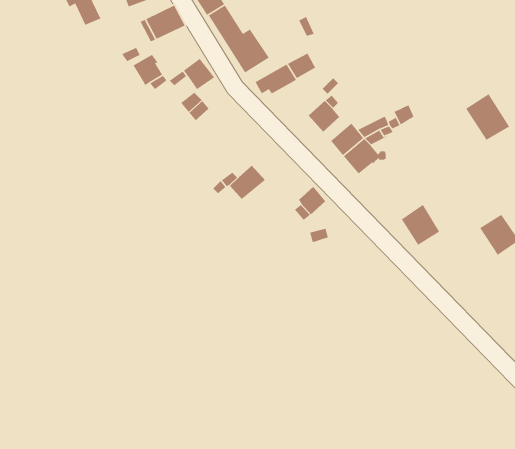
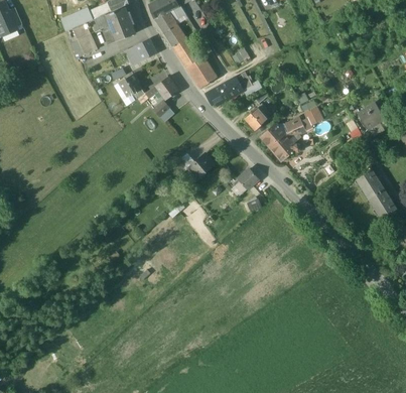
building: [401,204,440,246] -> [356,168,384,199]

